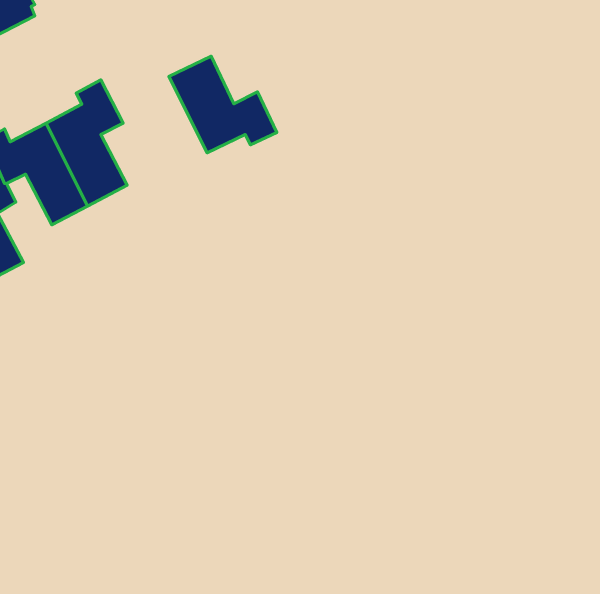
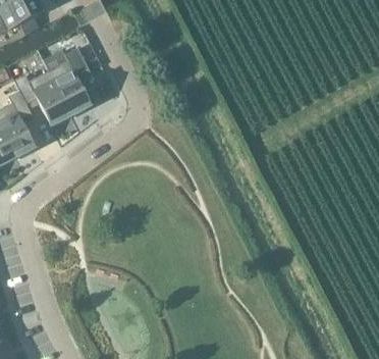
building: [169,56,277,153] -> none

